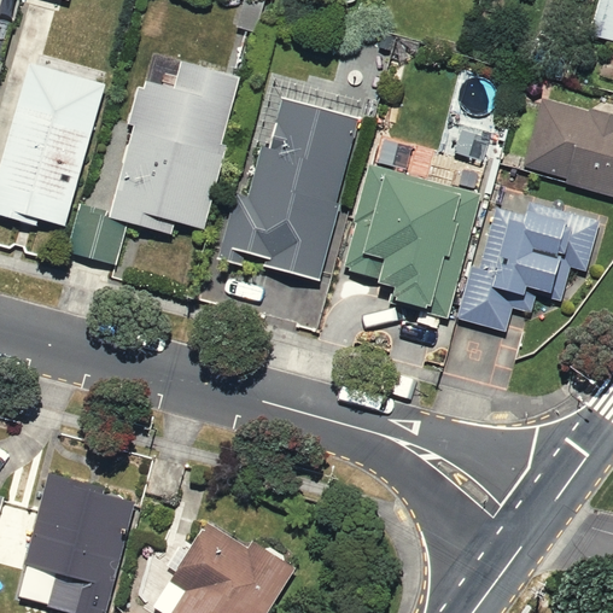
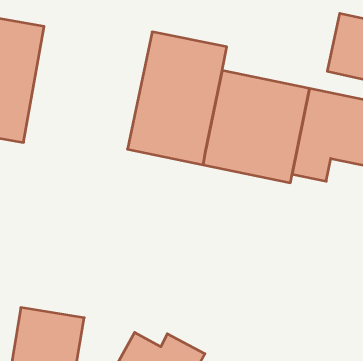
building: [101,68,247,243] -> none

